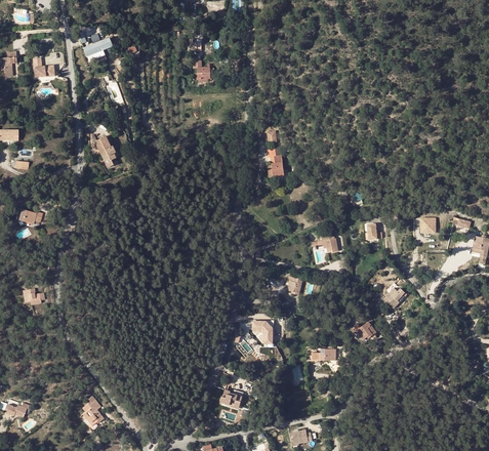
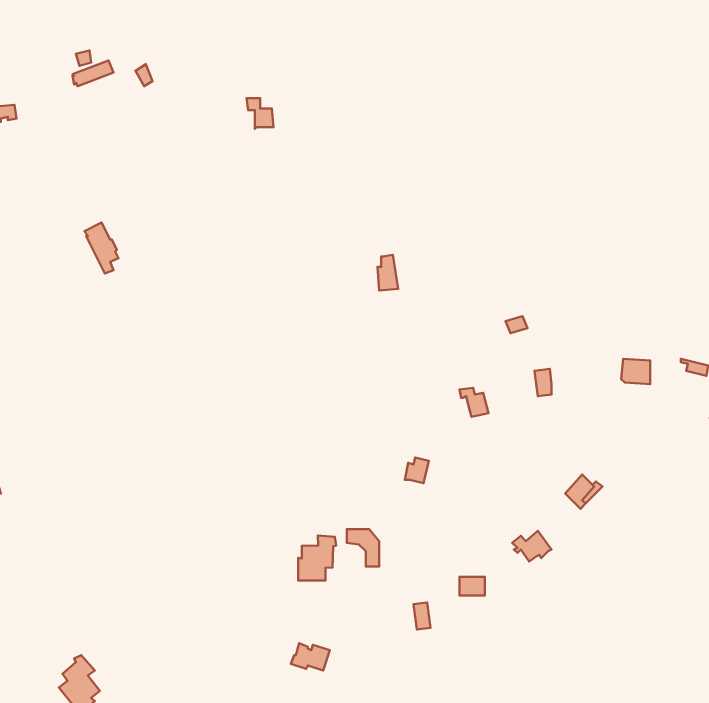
building: none -> [298,536,336,581]

